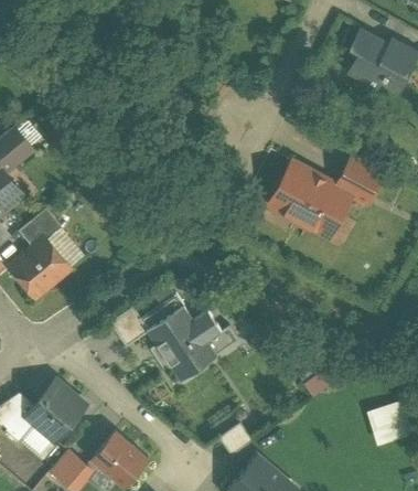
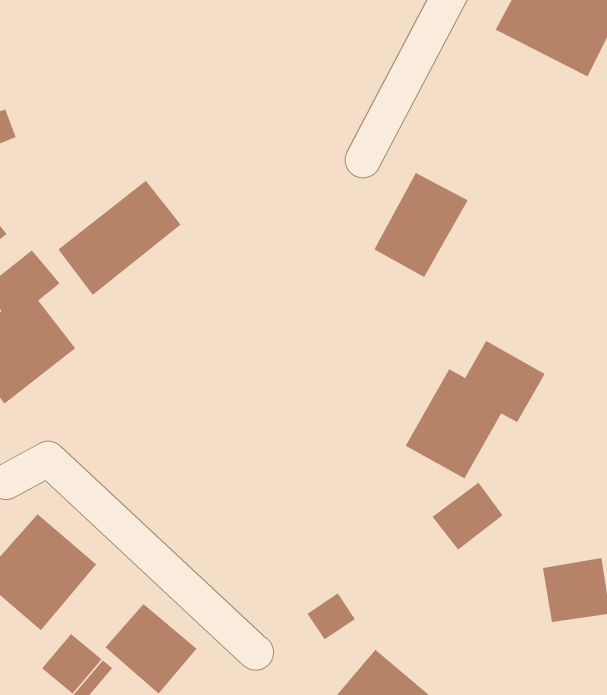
building: [294,159,383,246] -> [405,340,546,479]
building: none -> [57,180,181,296]
building: [150,292,225,378] -> none

